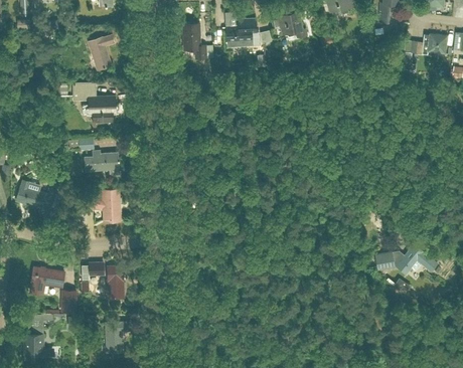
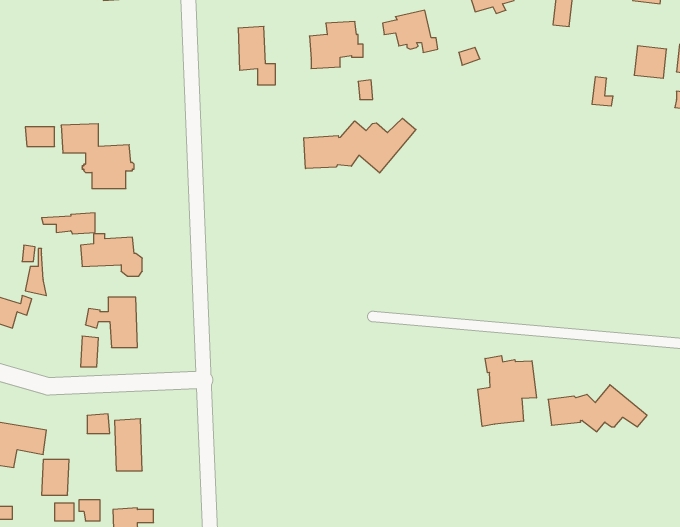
building: [87,36,114,69] -> none
building: none -> [304,118,416,173]
building: none -> [478,356,536,426]

